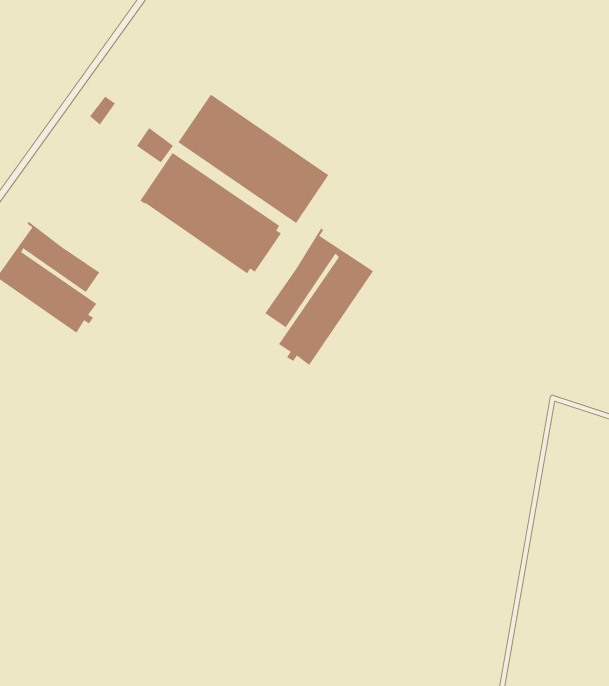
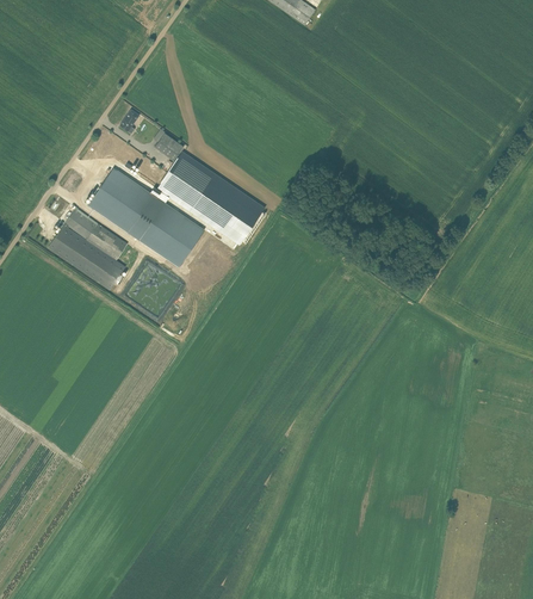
building: [177,94,329,224] -> [87,166,203,265]
building: [264,228,374,366] -> none

